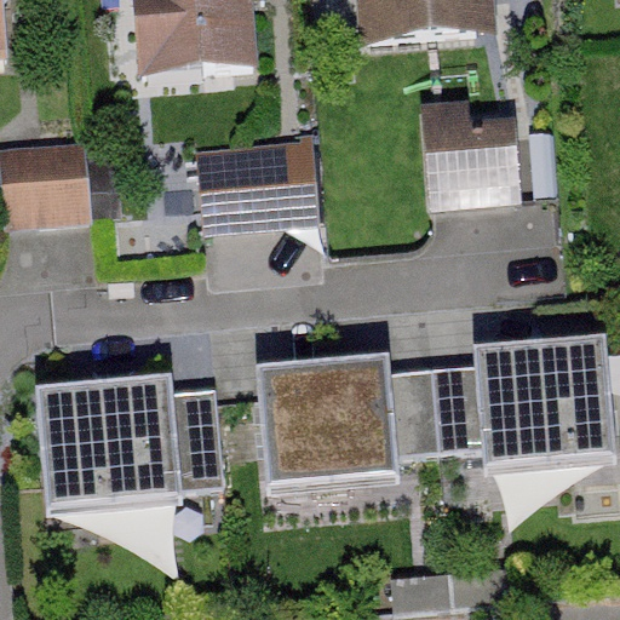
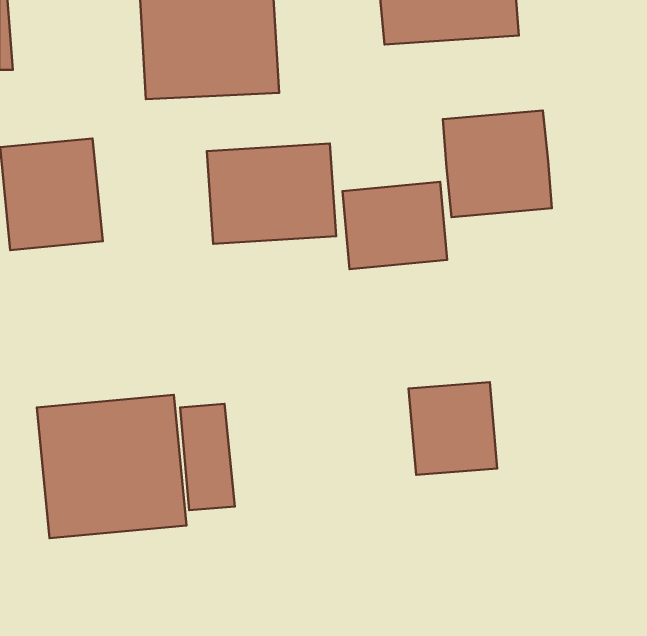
building: none -> [342,182,447,269]
building: [472,338,612,469] -> none
building: [253,360,394,478] -> none

